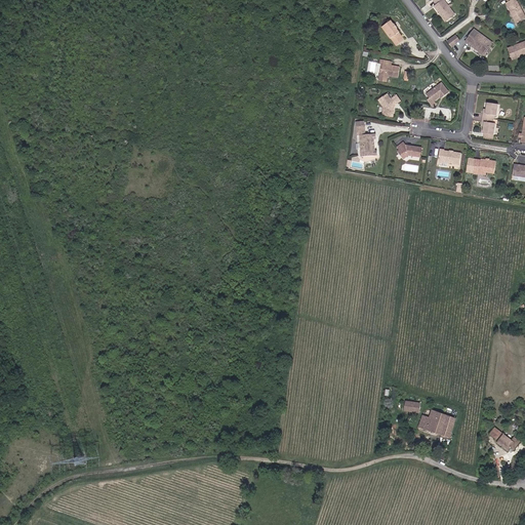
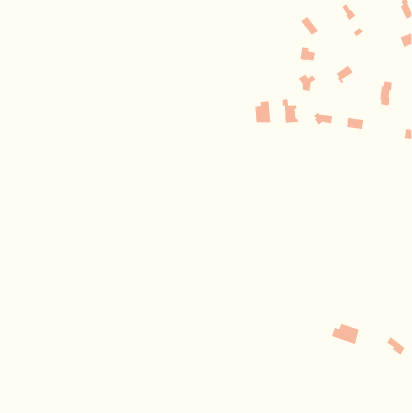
building: [463,29,492,55] -> none
building: none -> [255,101,271,123]
building: [467,157,496,174] -> none

